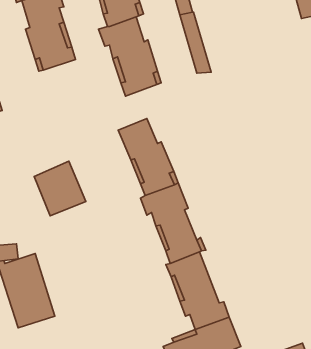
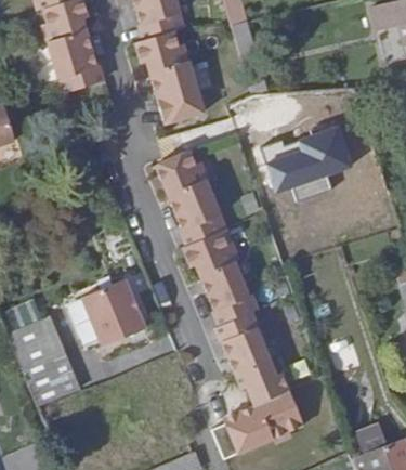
building: none -> [261,121,354,193]
building: [34,161,86,216] -> [78,267,141,334]

